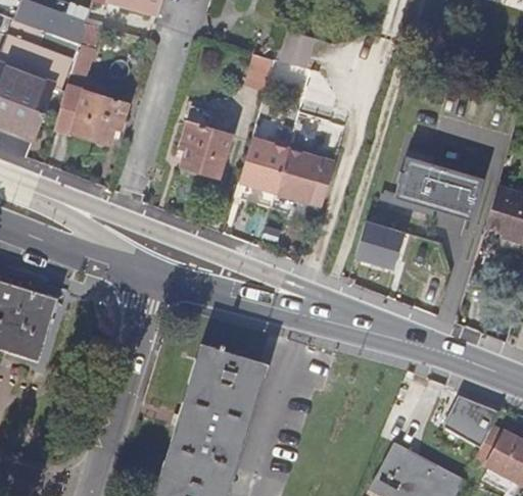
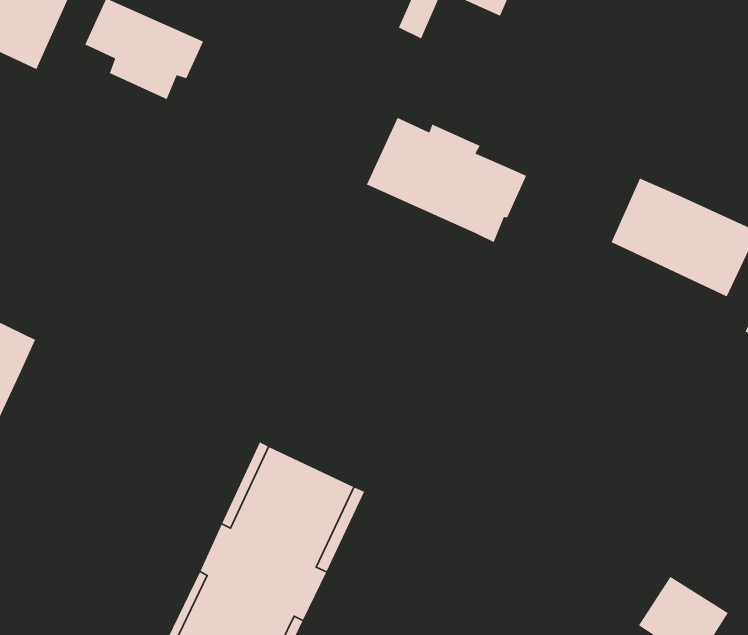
building: [183,125,234,178] -> none
building: [356,218,406,265] -> none

